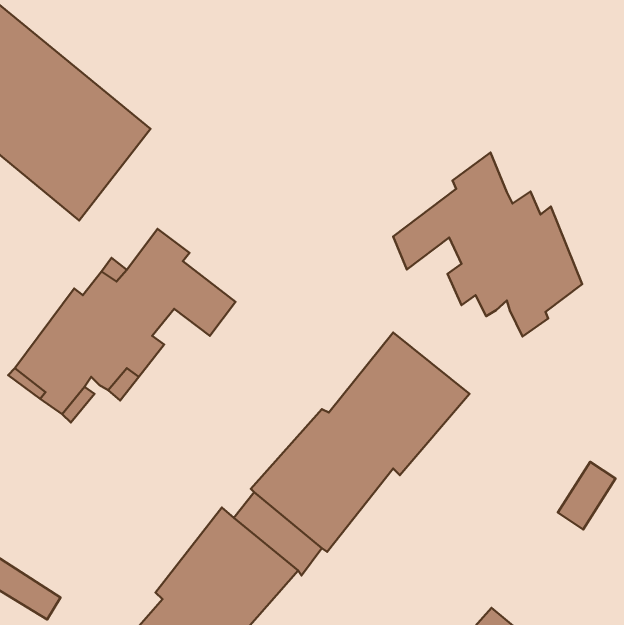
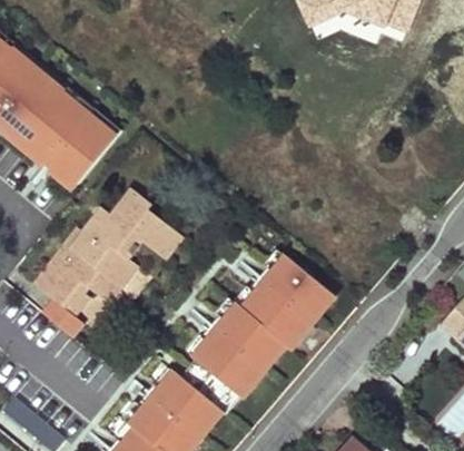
building: [393,153,582,337] -> none

